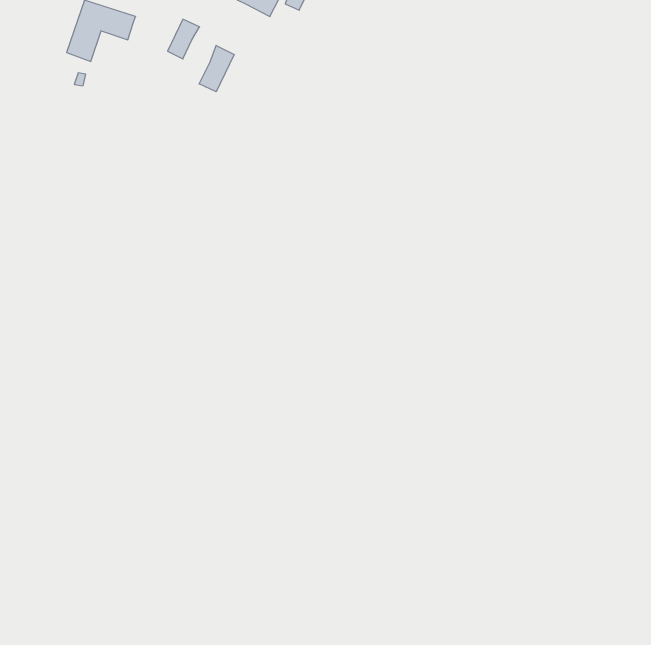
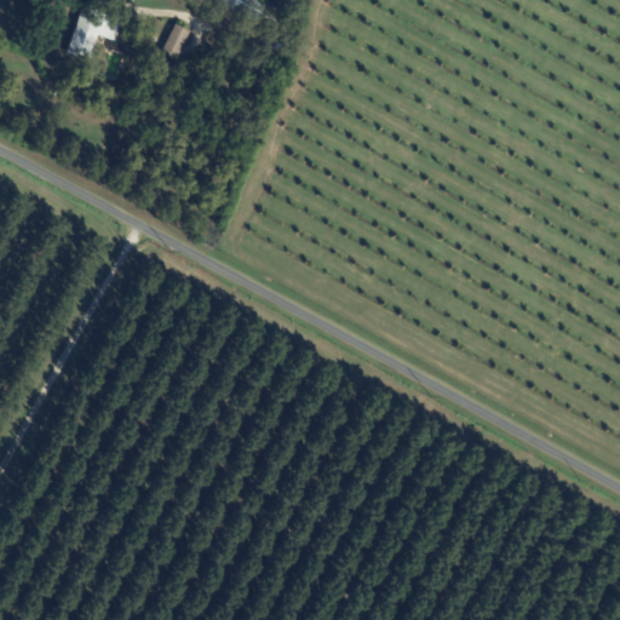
building: [199,45,234,92] -> none

